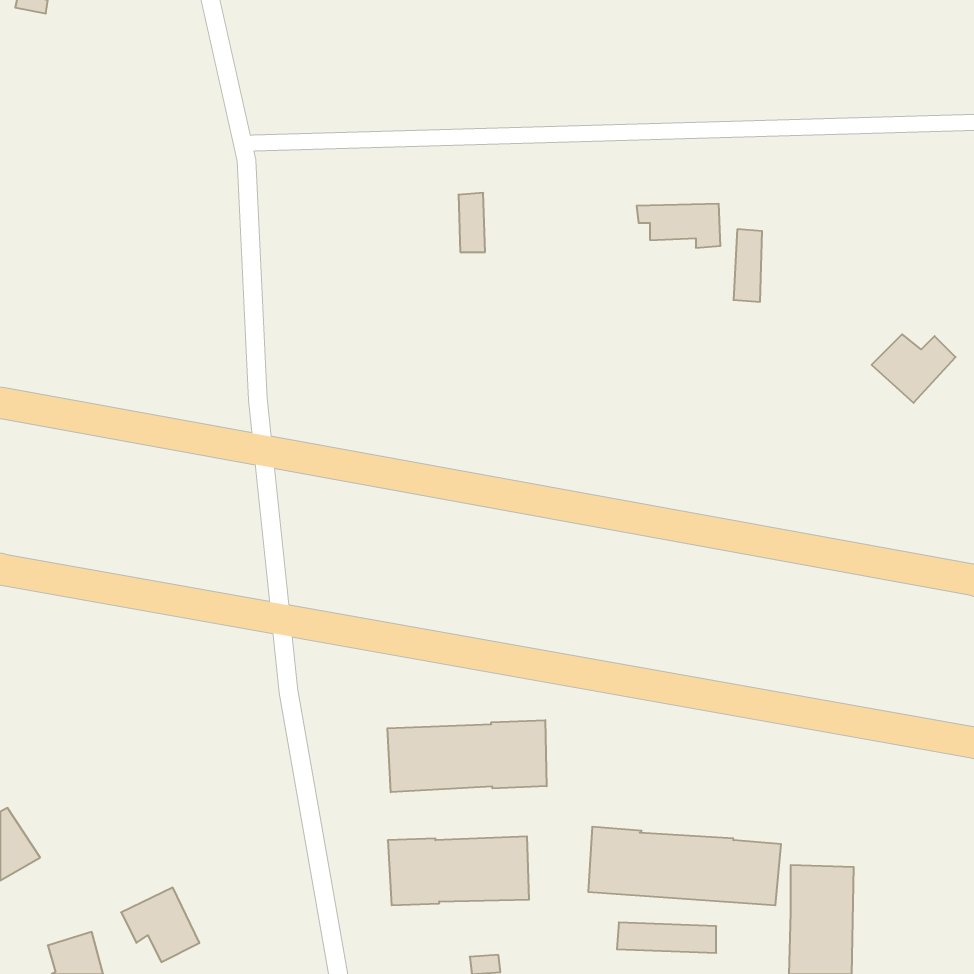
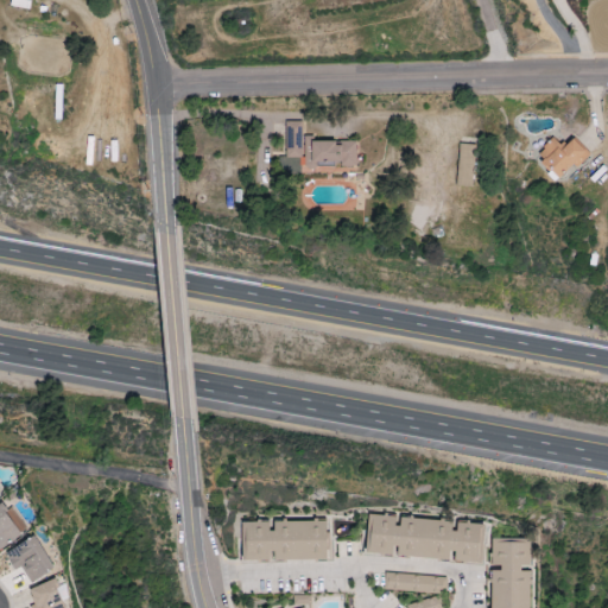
building: [637,204,721,248] -> [305,139,357,166]
building: [872,334,956,403] -> [536,137,588,179]
building: [387,720,547,792] -> none
building: [121,888,199,962] -> [6,536,55,582]

